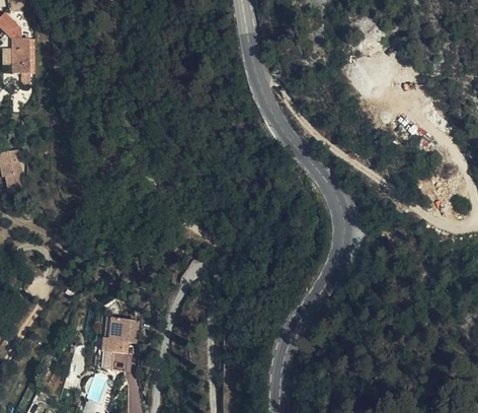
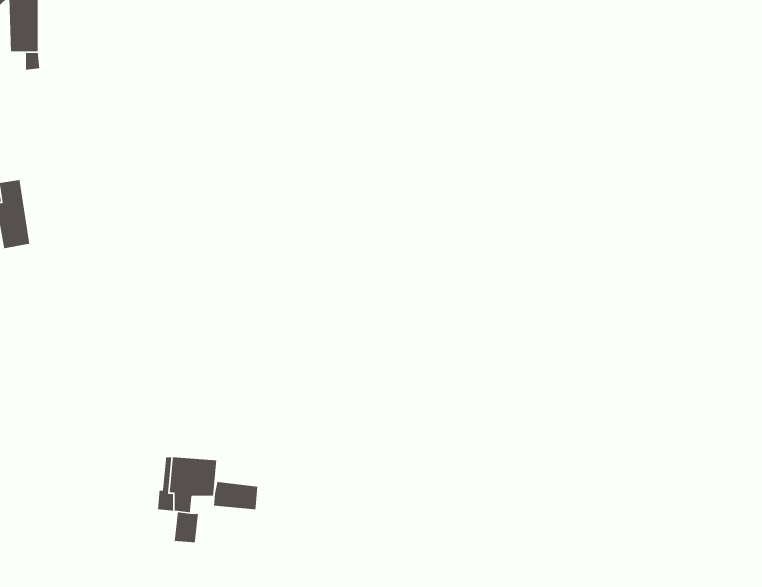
building: none -> [213,481,258,510]

